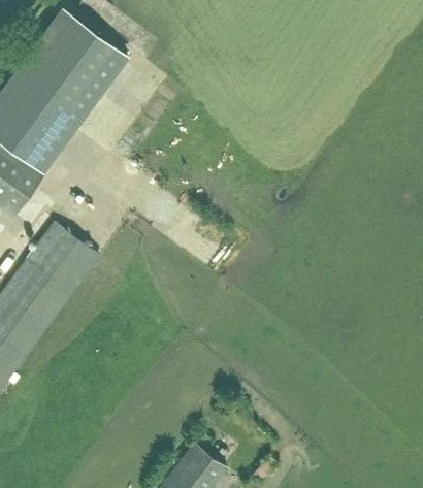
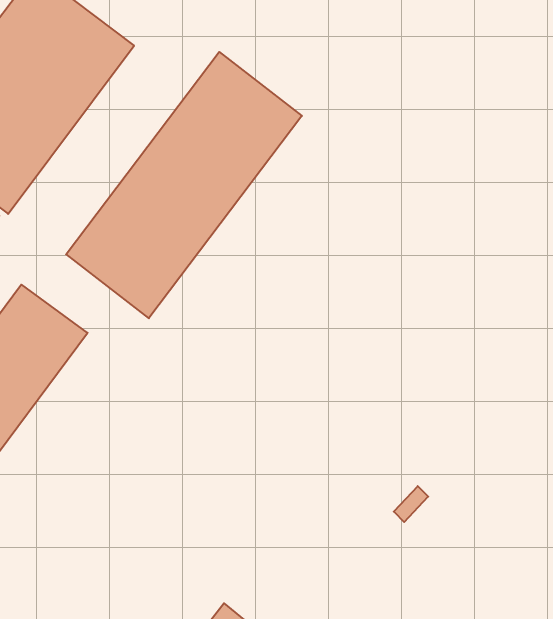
building: none -> [66,52,302,318]

